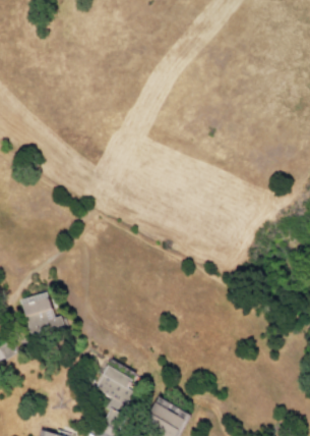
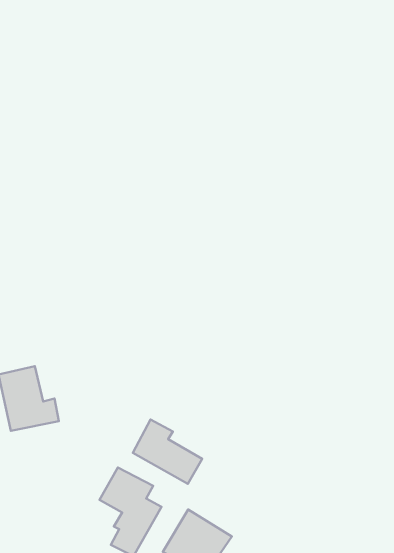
building: none -> [133,420,202,484]

